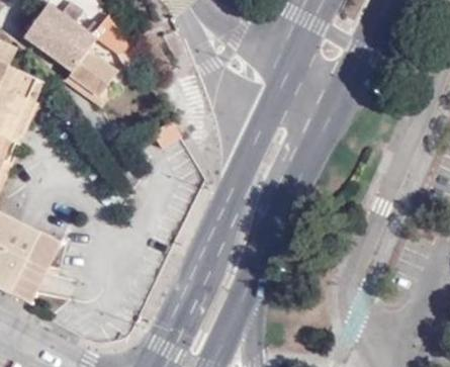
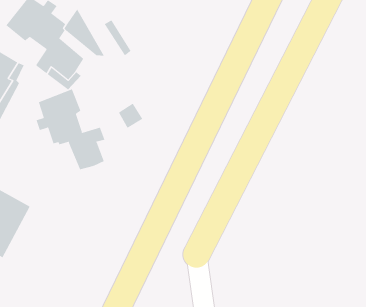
building: none -> [36,89,105,170]

